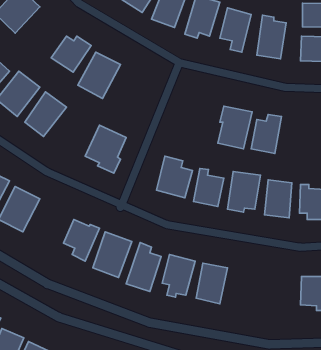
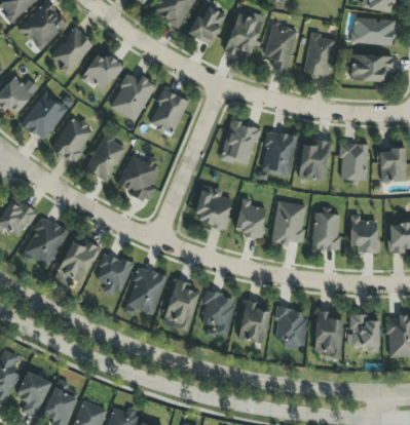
building: none -> [48,27,95,74]
building: none -> [149,89,188,134]
building: none -> [220,118,260,166]
building: none -> [84,133,127,182]
building: none -> [340,143,367,179]
building: none -> [53,235,99,285]
building: none -> [274,307,307,350]
building: none -> [312,310,342,358]

